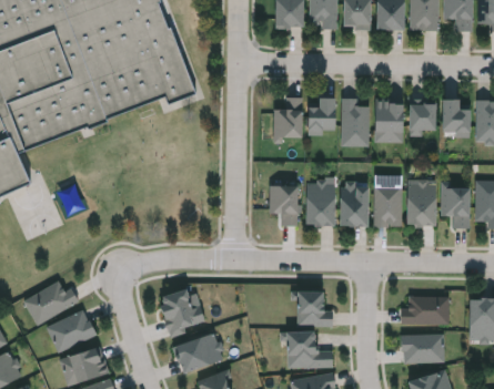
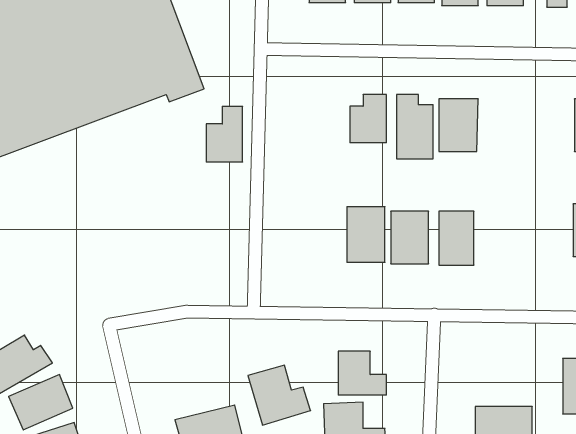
building: [273,96,301,139] -> [206,106,243,162]
building: [442,99,470,134] -> none
building: [410,101,435,131] -> none
building: [406,183,434,226] -> none
building: [269,185,296,225] -> none
building: [441,187,468,228] -> none
building: [158,289,205,335] -> [248,365,311,425]
building: [402,297,450,324] -> none

